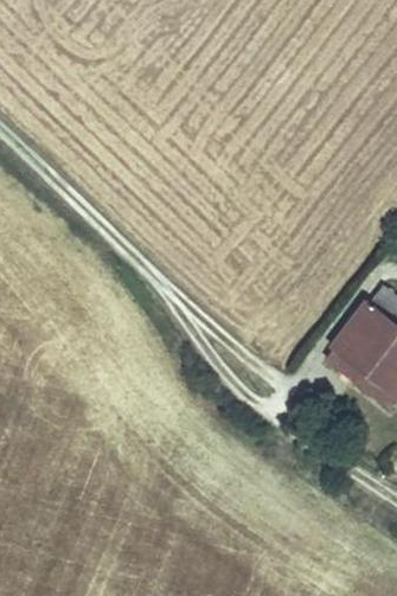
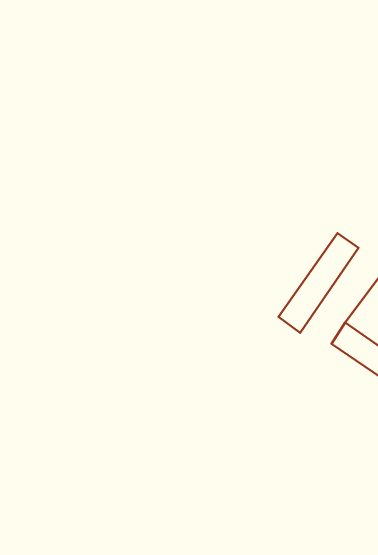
building: none -> [279,233,359,333]

